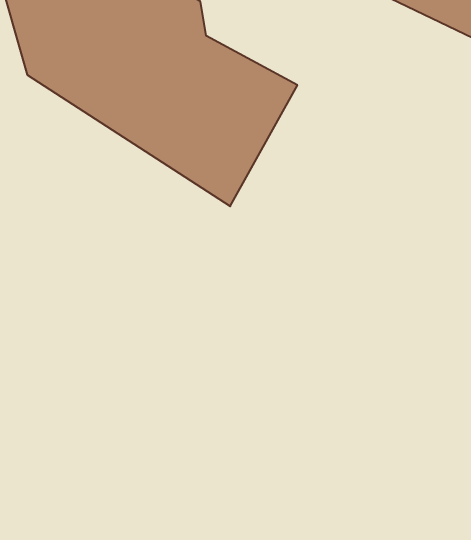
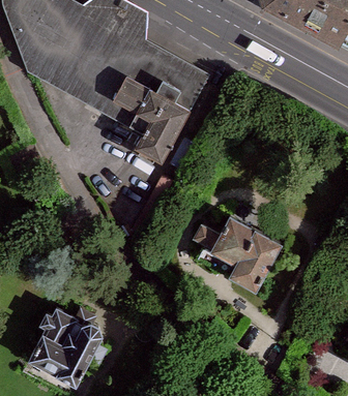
building: none -> [208,211,284,281]
building: none -> [26,306,102,385]

